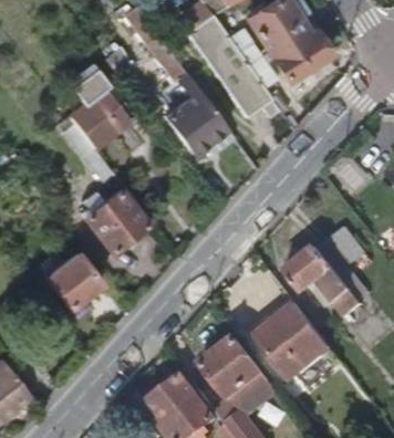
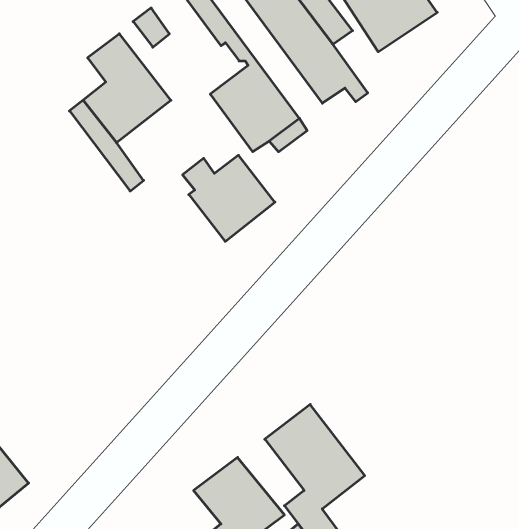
building: [80,188,147,251] -> [183,155,275,241]
building: [286,227,375,317] -> none
building: [45,252,100,306] -> none
building: [259,304,331,379] -> none

